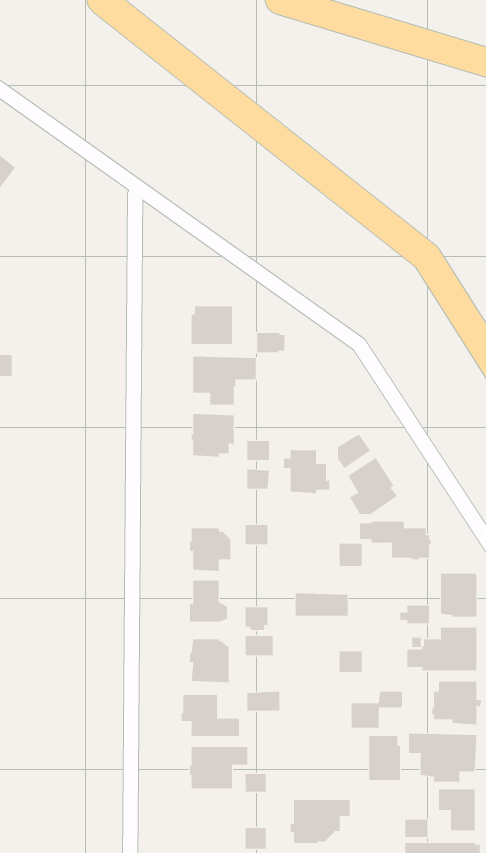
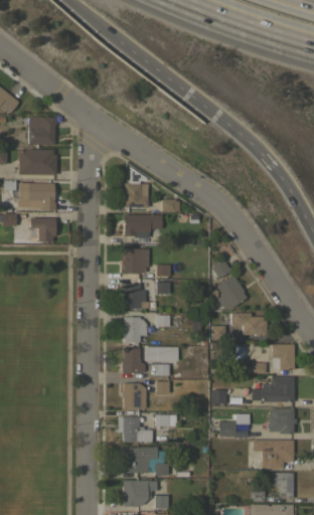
building: none -> [28,117,56,145]
building: none -> [19,149,56,175]
building: none -> [18,183,55,211]
building: none -> [30,217,55,242]
building: [283,450,330,494] -> [120,284,148,310]
building: [295,593,349,616] -> [145,347,177,361]
building: [369,735,400,781] -> none
building: [290,800,350,843] -> [121,481,157,507]

